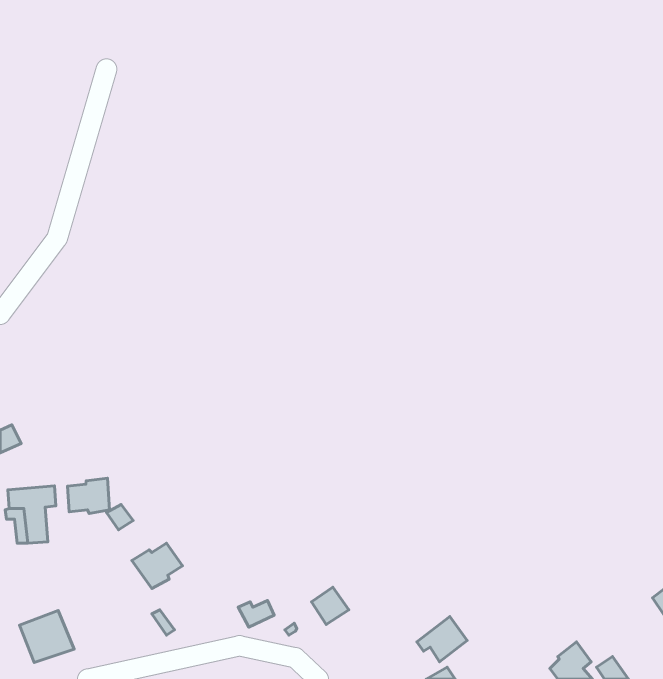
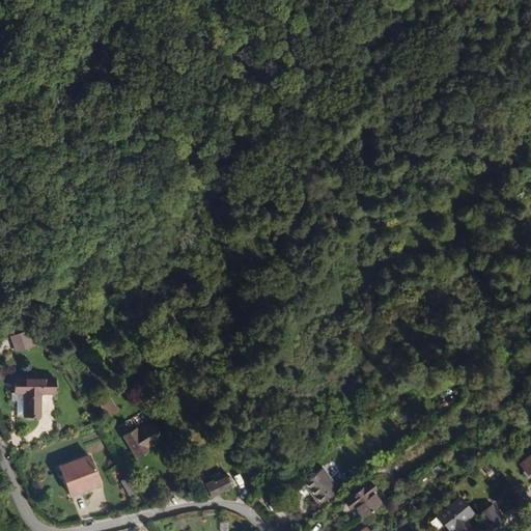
building: [67,478,109,513] -> none
building: [312,587,349,625] -> [304,472,333,501]
building: [20,611,74,663] -> [67,456,110,497]

